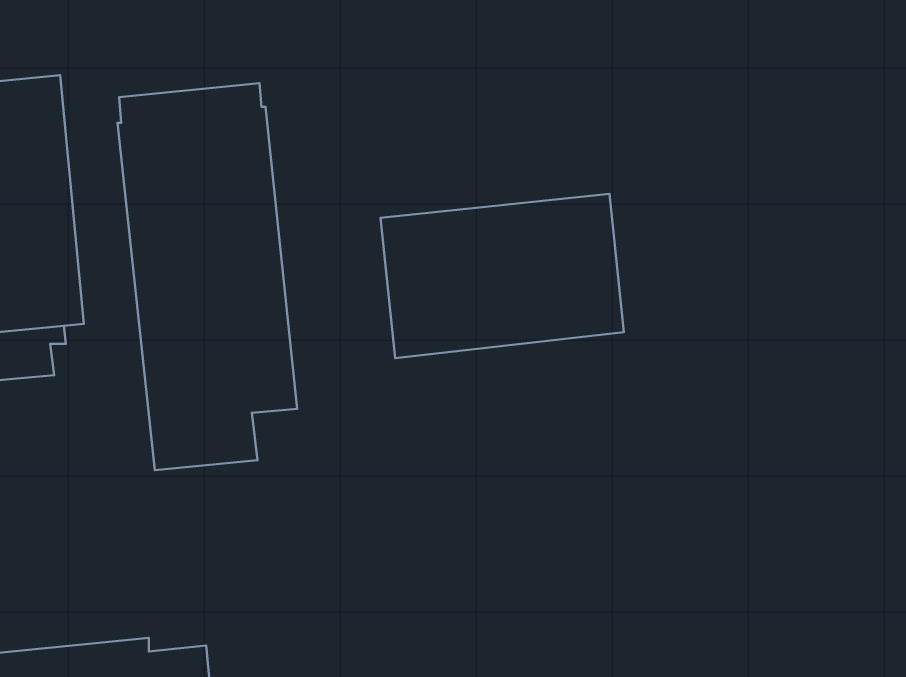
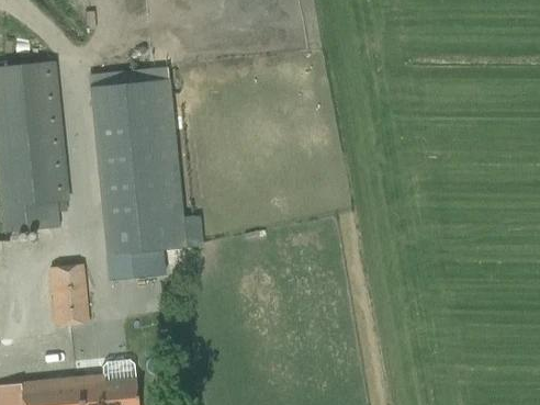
building: [381,194,624,358] -> none
building: none -> [53,262,92,325]

